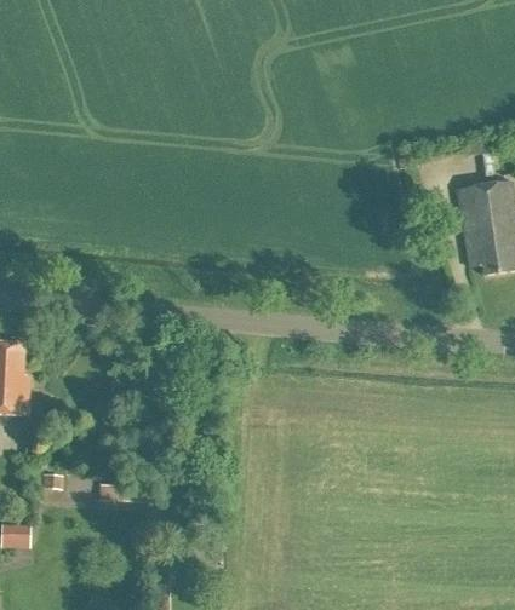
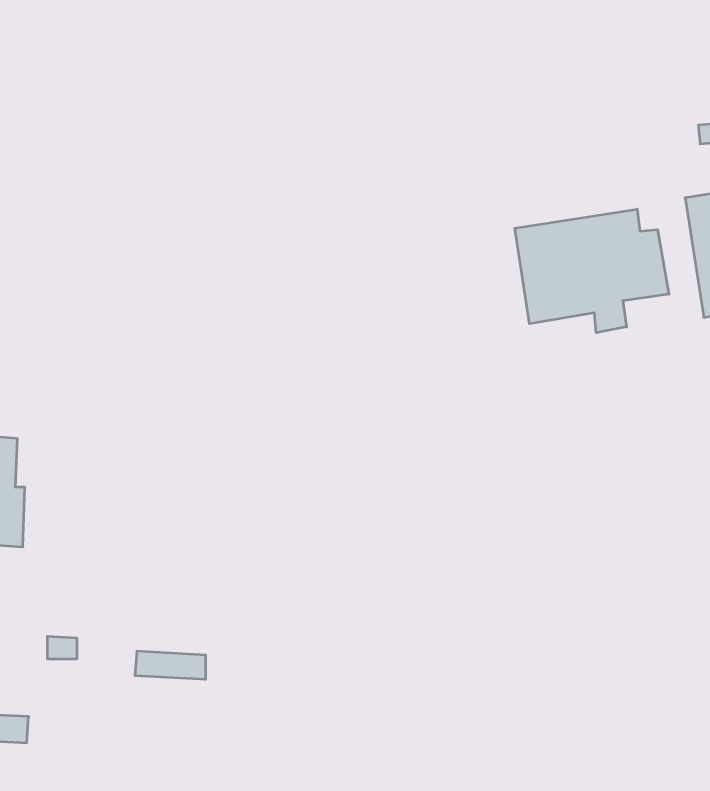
building: none -> [515,209,669,333]

